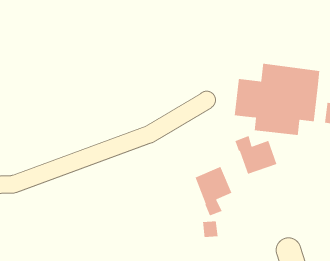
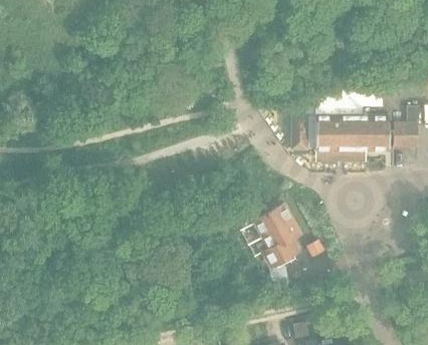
building: [228,133,277,175] -> none

